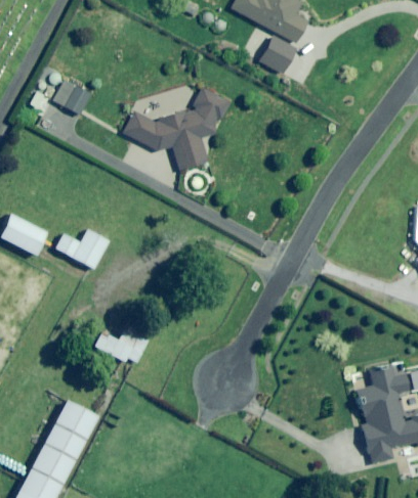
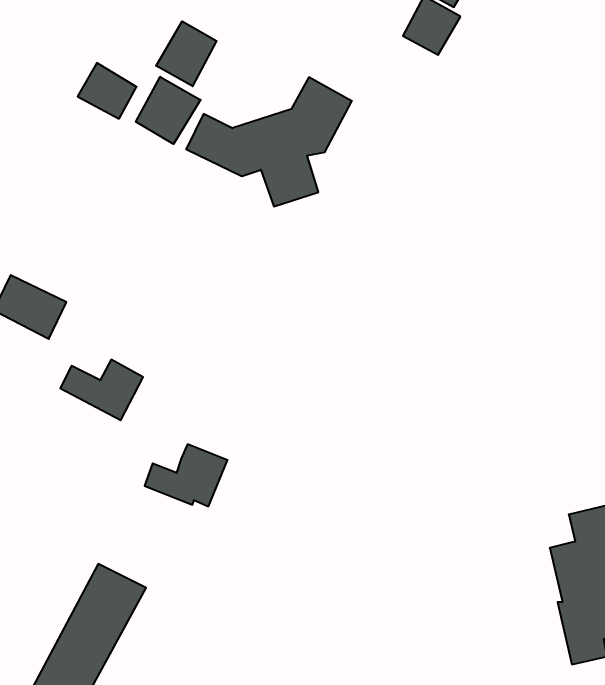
building: none -> [156,21,217,86]
building: none -> [136,77,201,144]
building: [55,230,109,269] -> [60,360,143,420]

